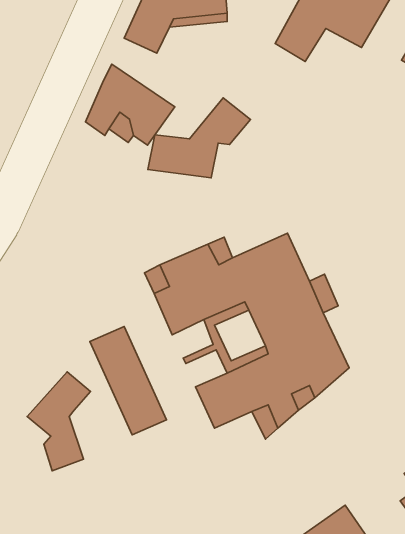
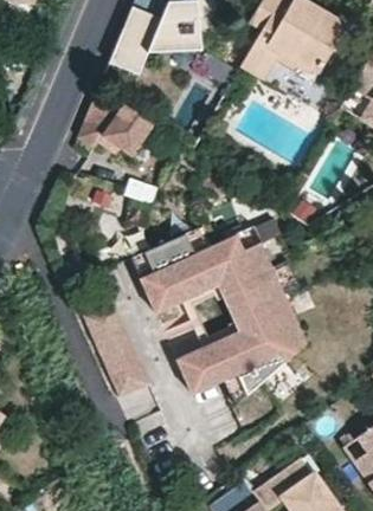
building: [148,98,251,178] -> none
building: [27,372,90,471] -> none

